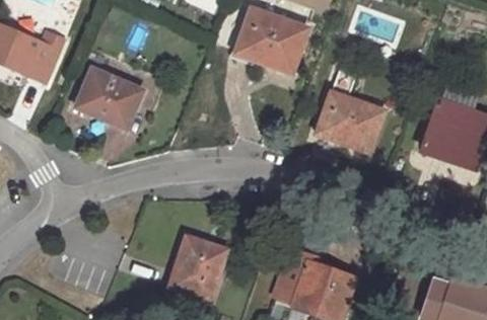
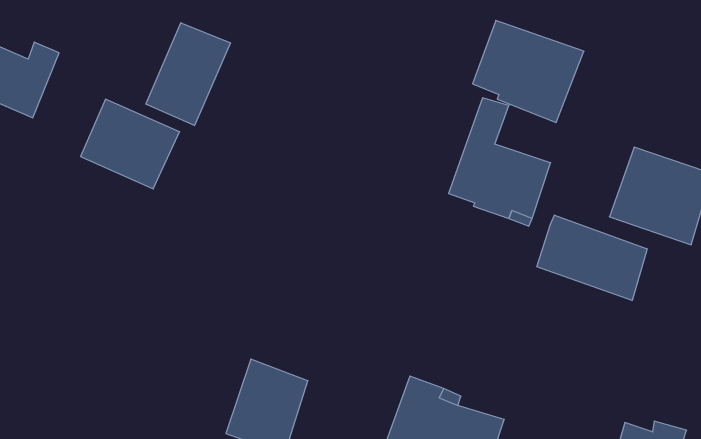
building: [235,8,308,75] -> [473,20,584,122]
building: none -> [146,23,230,126]
building: none -> [537,215,647,301]

